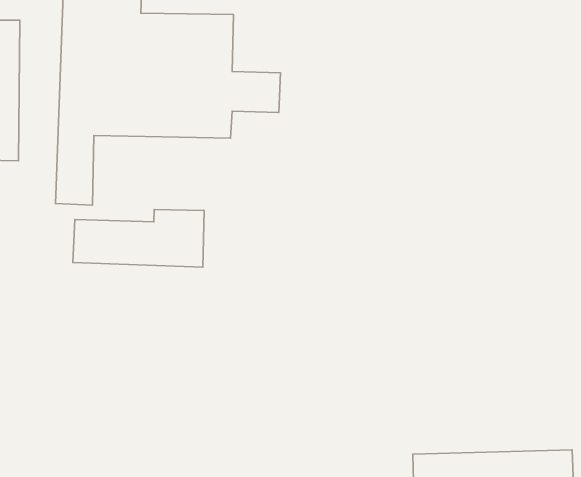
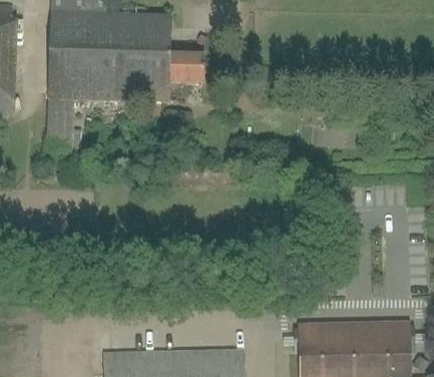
building: [73,210,204,267] -> none

